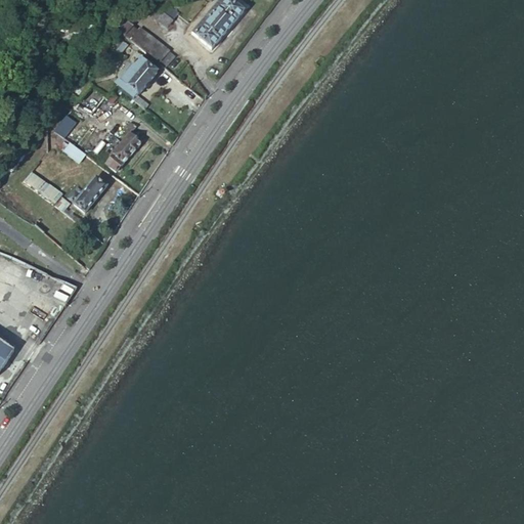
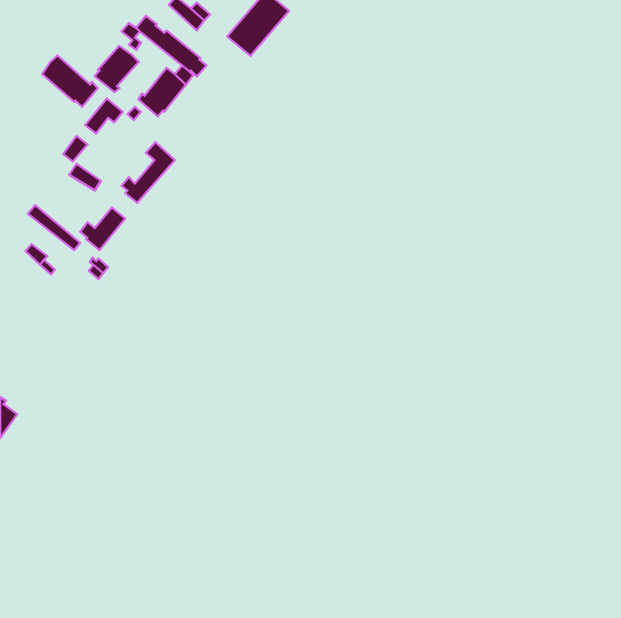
building: none -> [95,46,139,92]
building: none -> [42,55,98,107]

